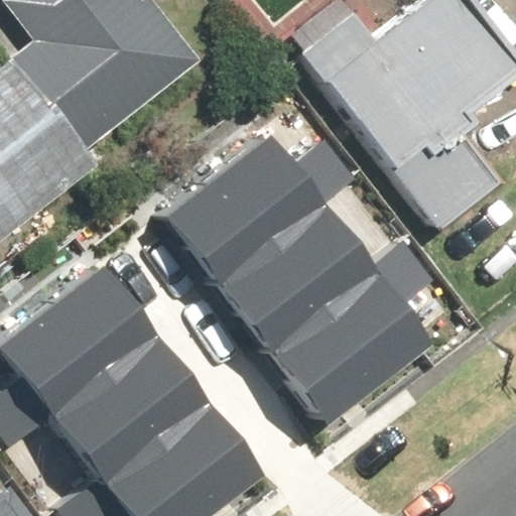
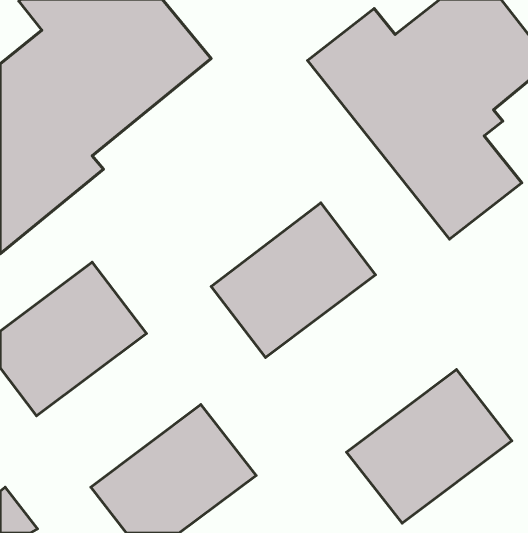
building: [157,127,315,276] -> none
building: [262,265,421,413] -> [347,370,512,523]
building: [41,321,200,470] -> none

